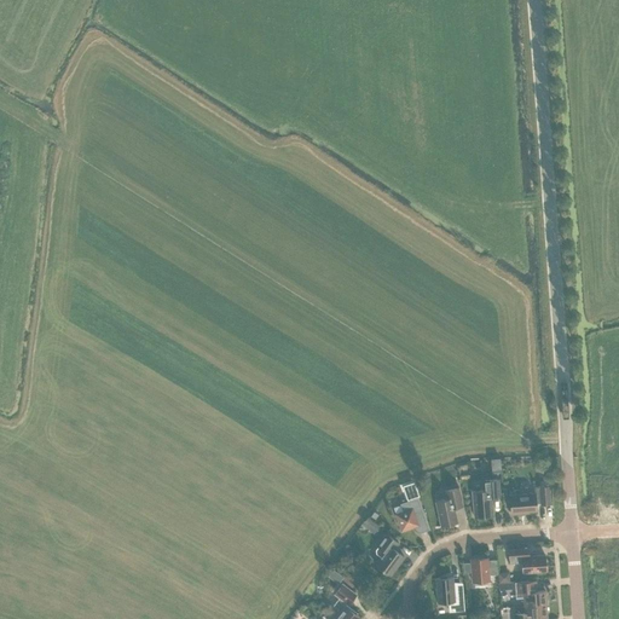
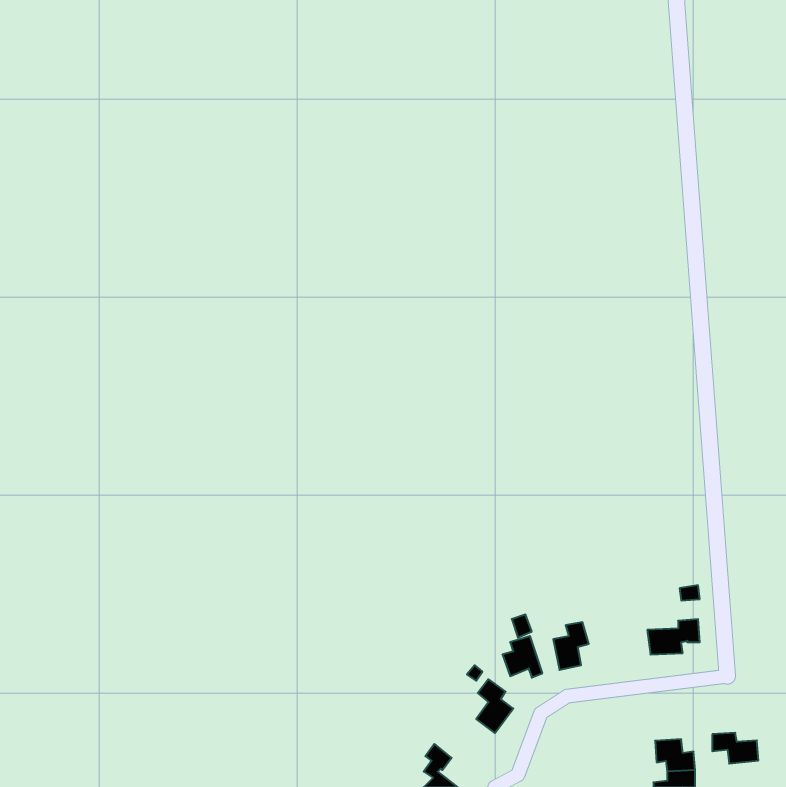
building: [470,479,498,516] -> none
building: [508,549,544,573] -> [712,733,758,764]
building: [469,557,496,582] -> none
building: [434,577,463,612] -> none

